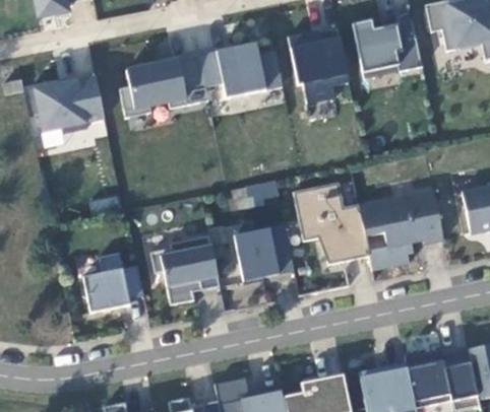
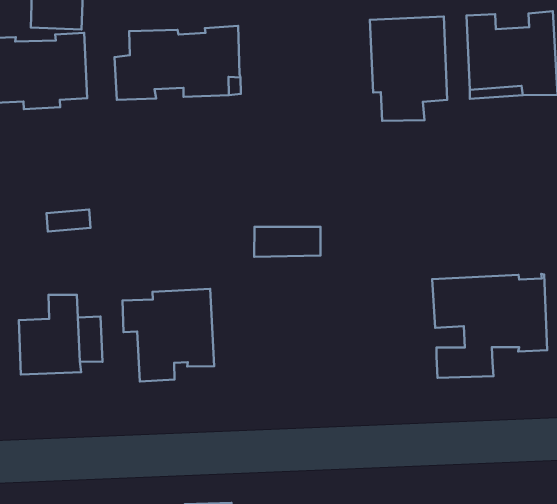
building: [199,43,283,97] -> none
building: [293,183,369,264] -> none
building: [234,225,294,284] -> none

